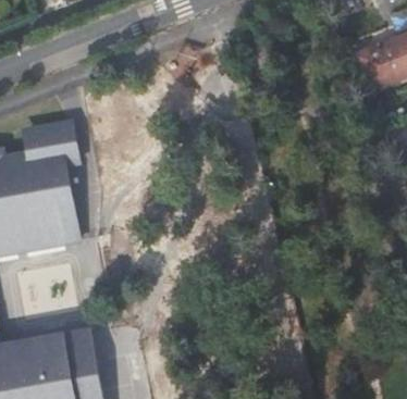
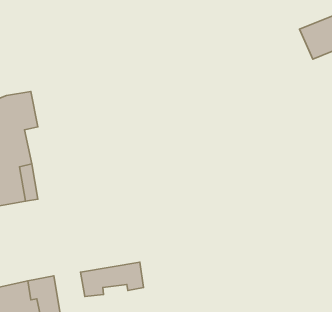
building: none -> [80,262,144,296]

